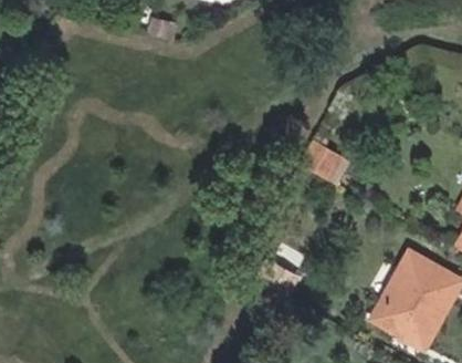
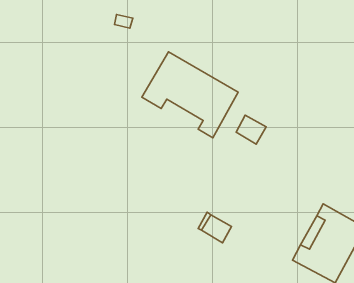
building: none -> [142,52,238,138]

